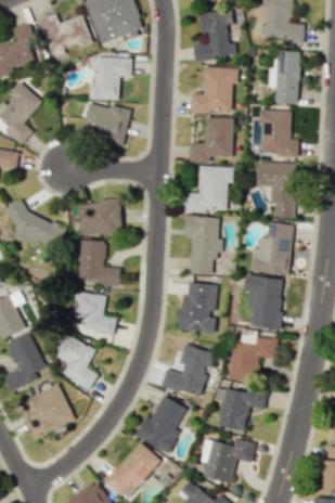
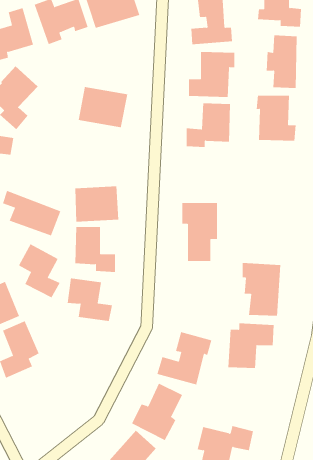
building: [88,57,131,101] -> none
building: [256,163,296,218] -> none
building: [185,167,230,212] -> none
building: [250,223,292,274] -> none
building: [179,282,217,334] -> none
building: [55,335,98,389] -> [18,244,61,298]
building: [17,384,75,440] -> none
building: [215,388,266,430] -> none

